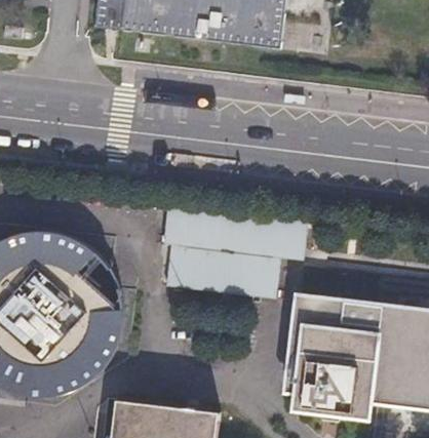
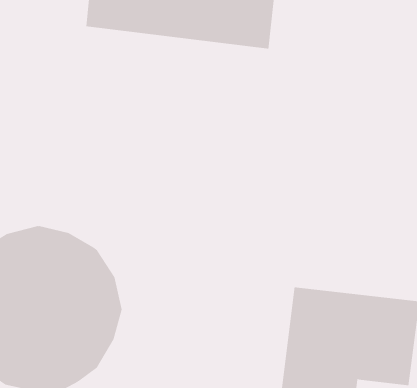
building: [160,205,306,296] -> none

